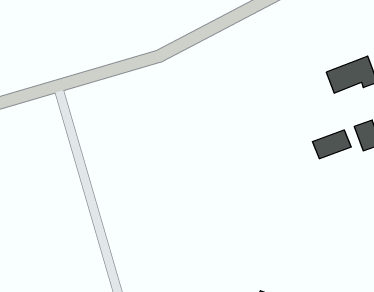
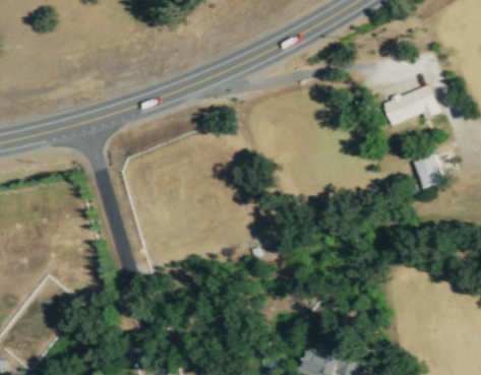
building: [313,130,351,159] -> none

